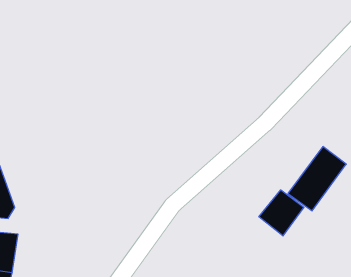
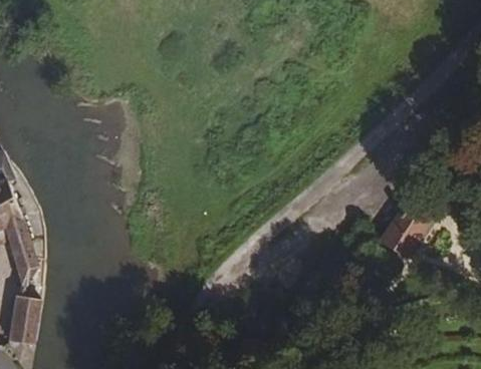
building: [259,190,304,236] -> none

